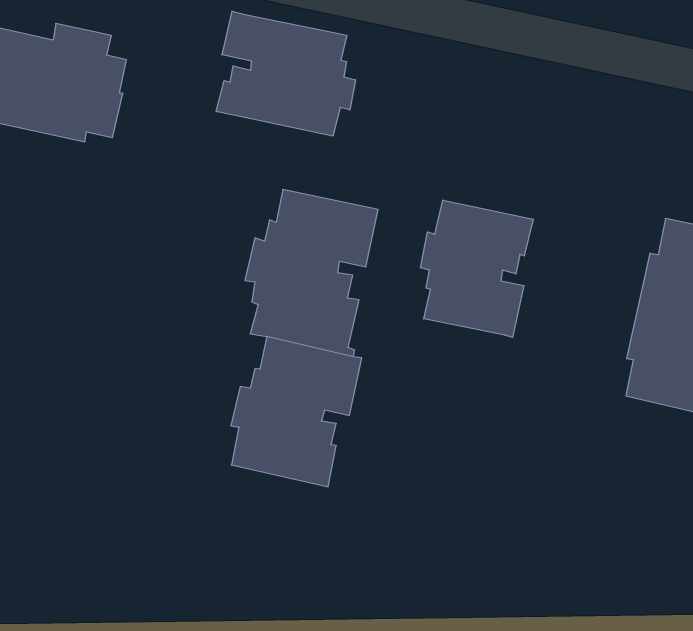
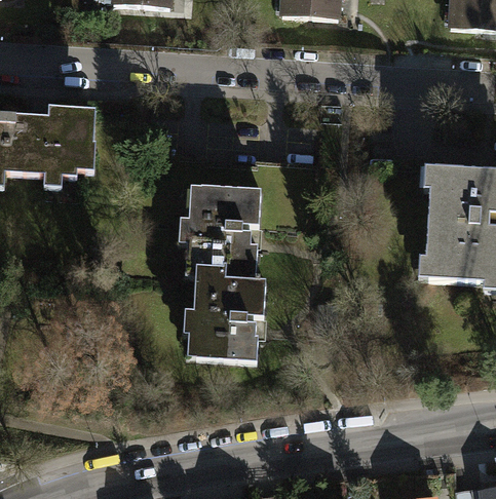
building: [216,11,355,136] -> none
building: [421,200,533,337] -> none

